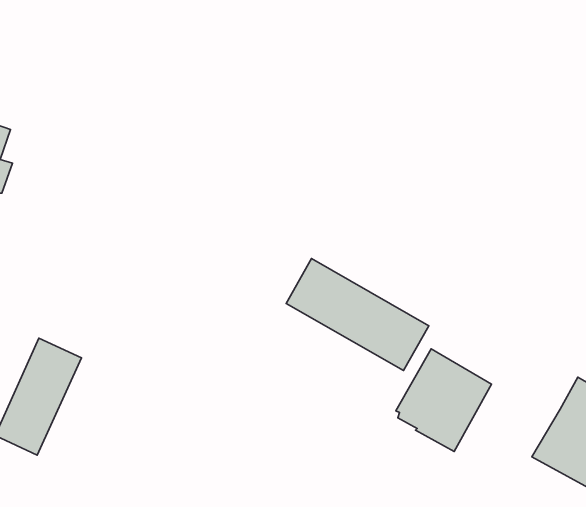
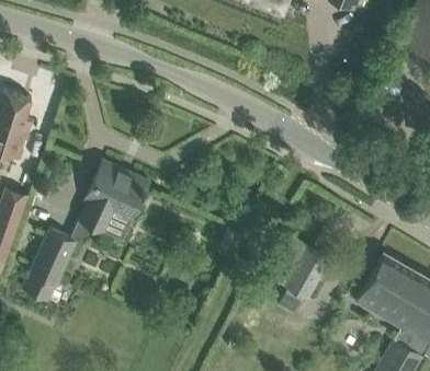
building: none -> [80,162,148,230]
building: [286,259,429,370] -> none

